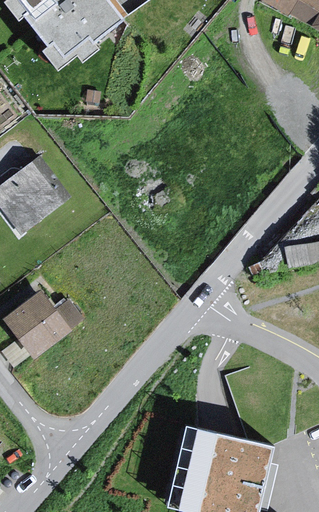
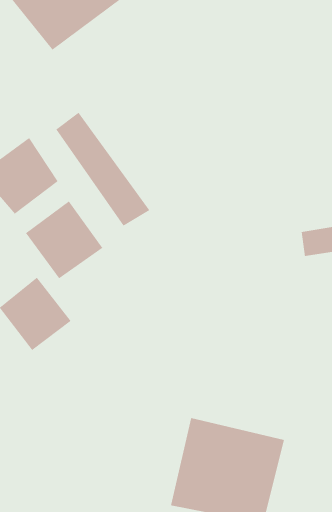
building: none -> [55,112,150,226]
building: none -> [25,200,103,279]

